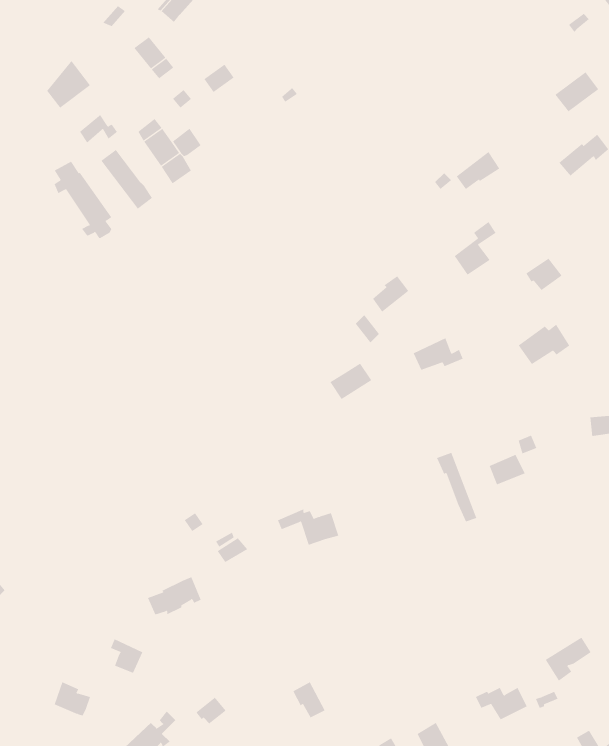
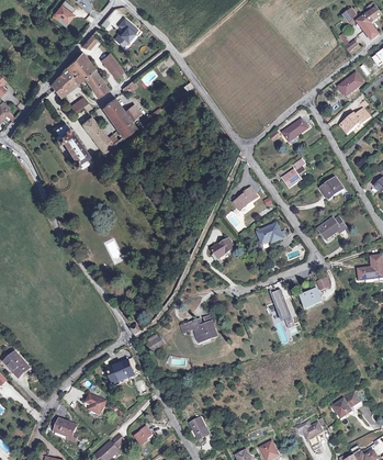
building: none -> [65,51,106,96]

